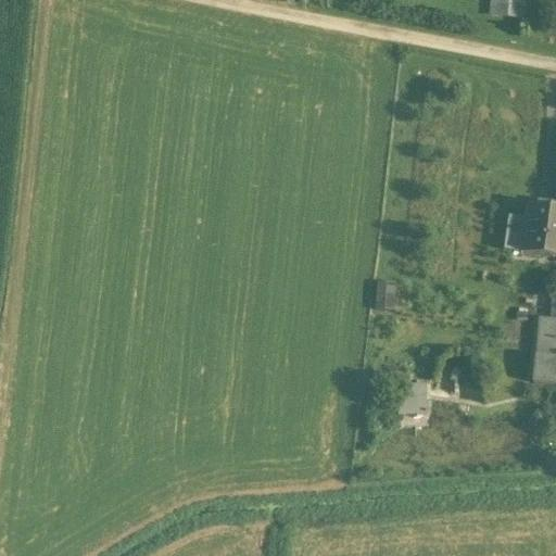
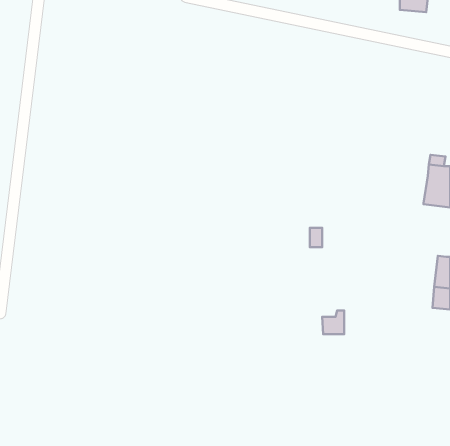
building: [504,214,528,251] -> none

